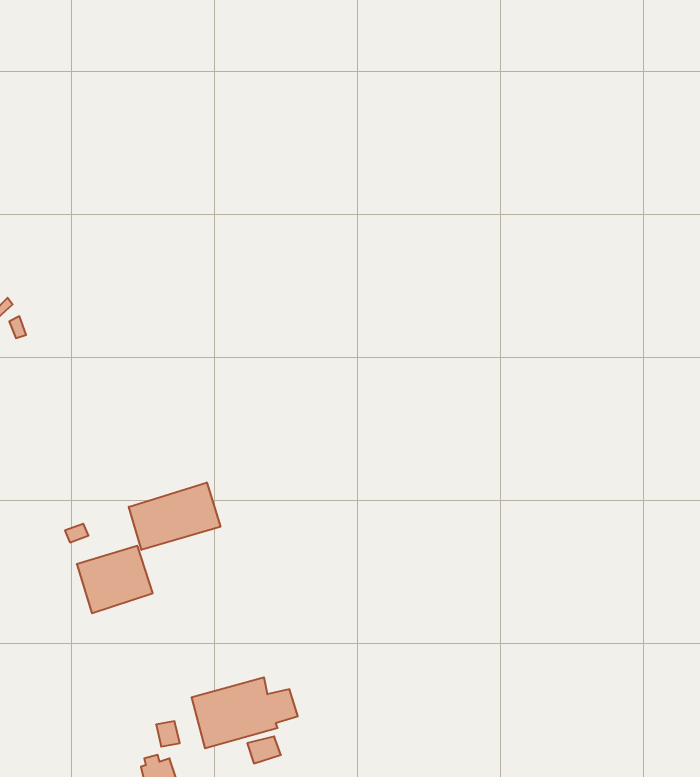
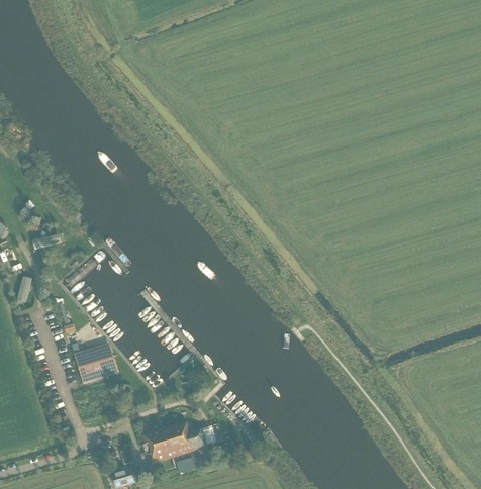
building: [129,482,220,550] -> none

